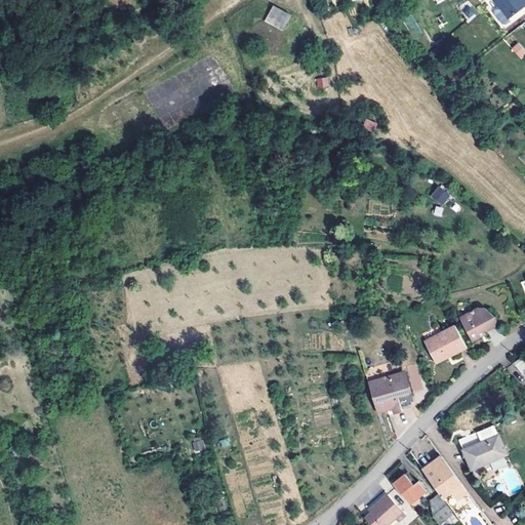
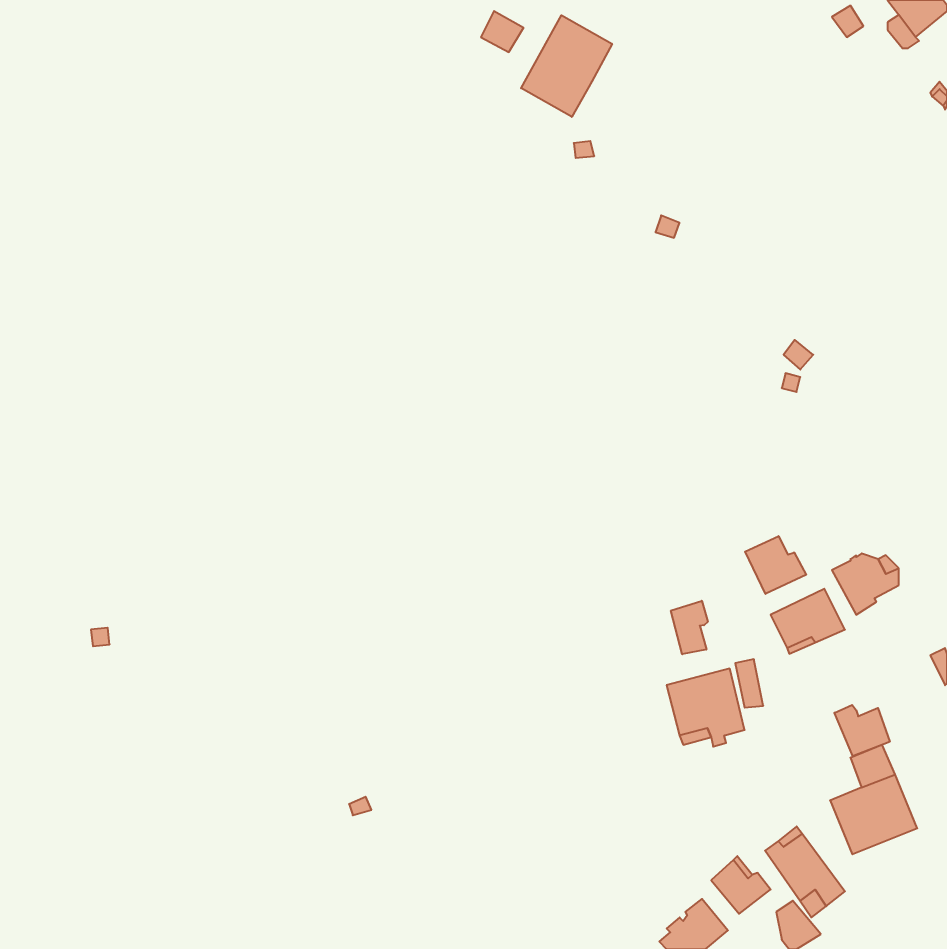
building: none -> [521,15,612,117]
building: none -> [745,536,806,594]
building: none -> [671,601,708,654]
building: none -> [834,705,890,756]

